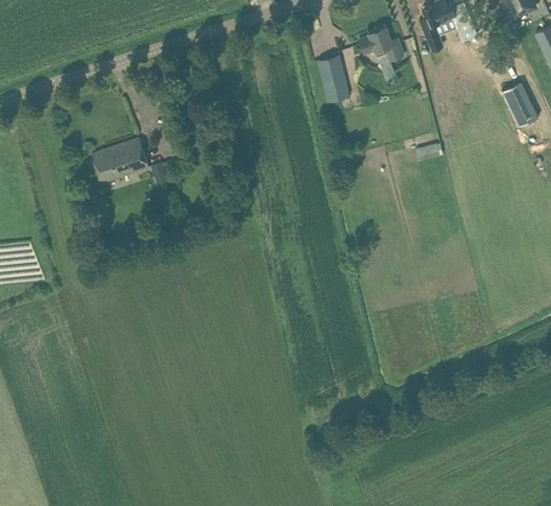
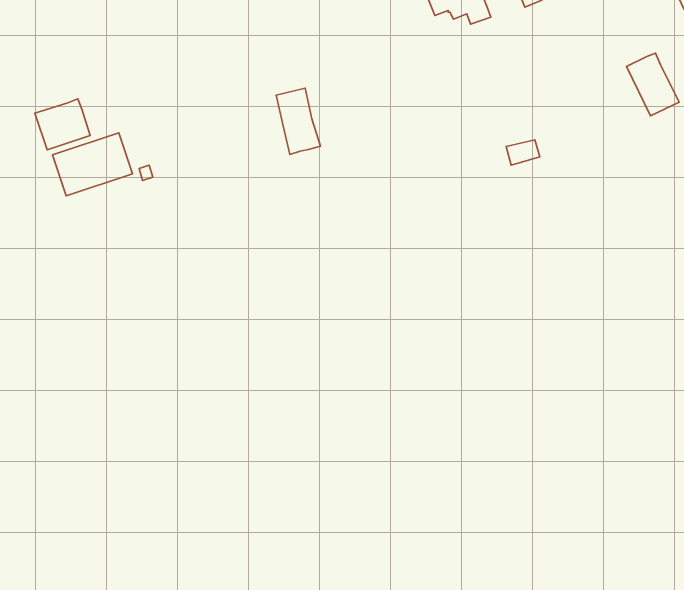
building: [317,54,349,102] -> [276,88,320,155]
building: none -> [35,99,90,150]

